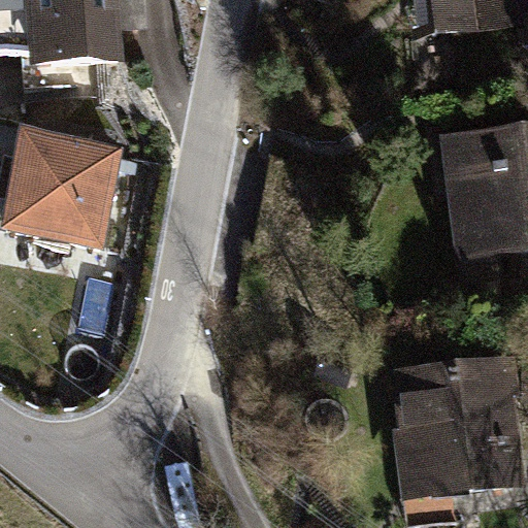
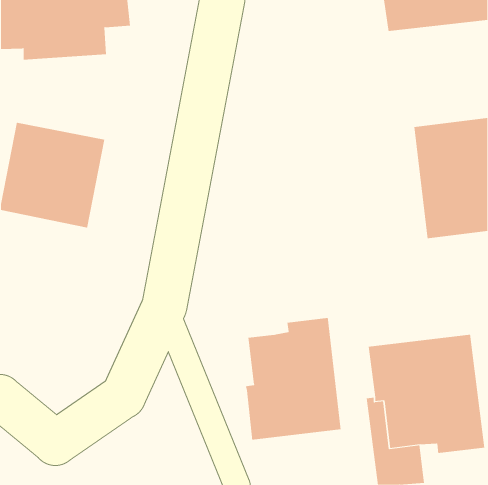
building: none -> [245,317,341,441]

